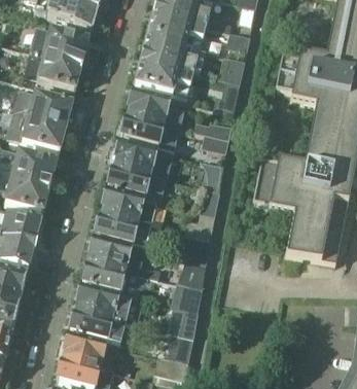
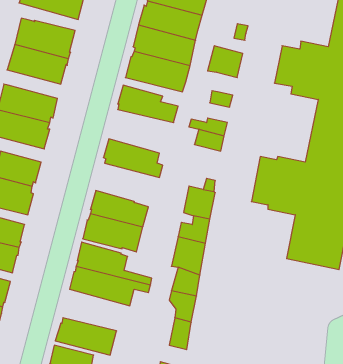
building: [120,110,180,145] -> none
building: [108,161,167,194] -> none
building: [76,283,132,318] -> none

